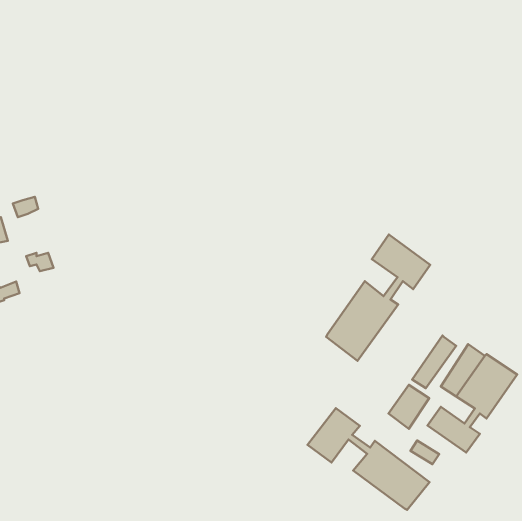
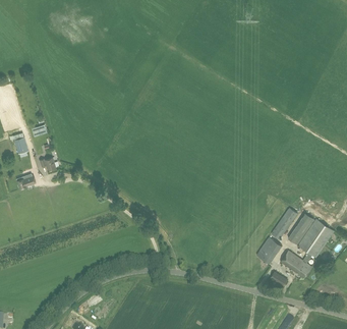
building: [326,234,430,361] -> none
building: [308,408,430,510] -> none

